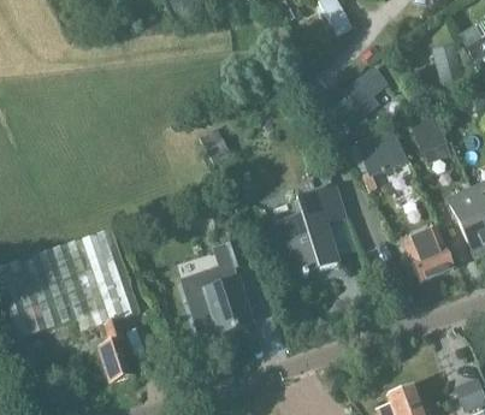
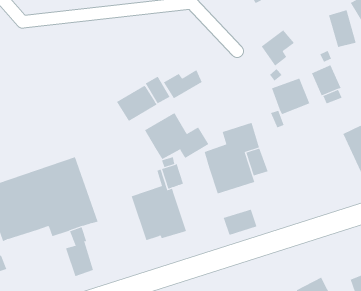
building: none -> [163,69,203,99]
building: none -> [116,84,158,122]
building: none -> [144,112,209,160]
building: [402,227,453,281] -> none
building: none -> [223,209,257,236]

